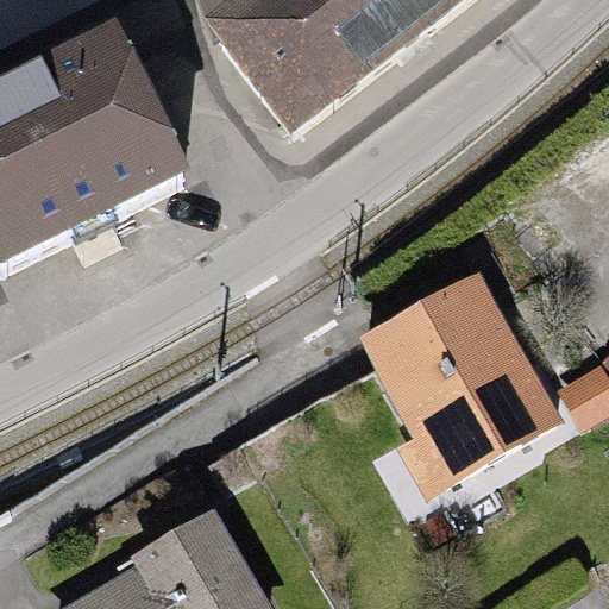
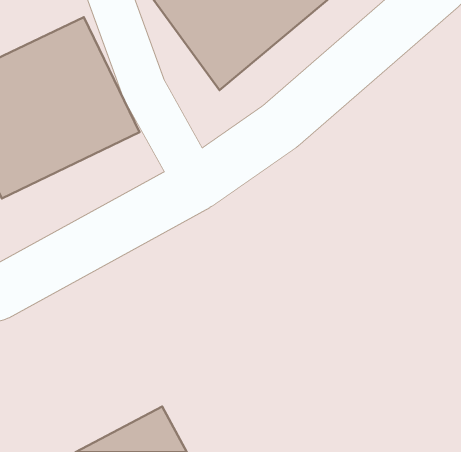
building: [363,285,563,495] -> none

